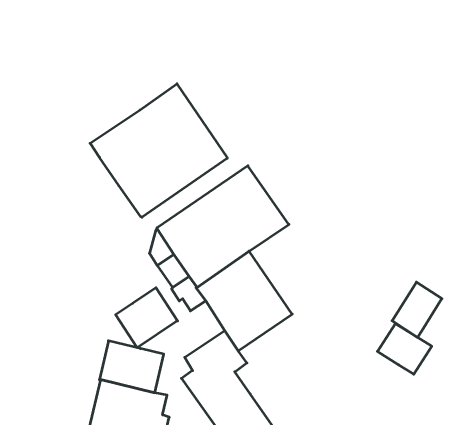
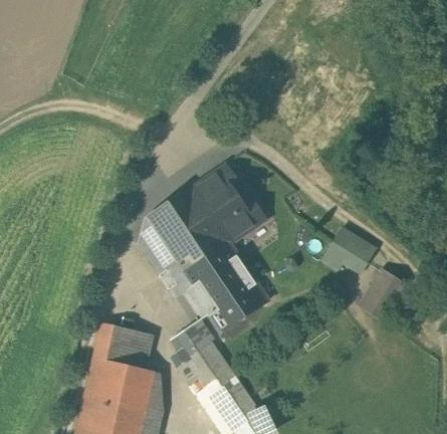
building: [90,84,227,217] -> none
building: none -> [323,227,375,268]
building: [116,288,178,348] -> none
building: [377,323,432,374] -> none

